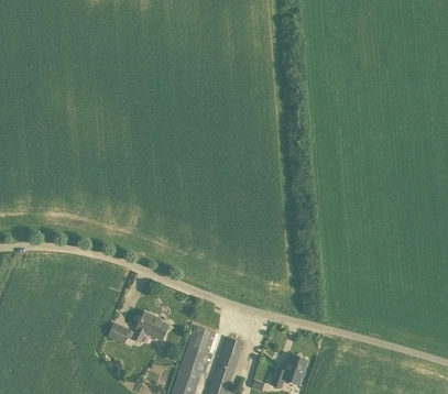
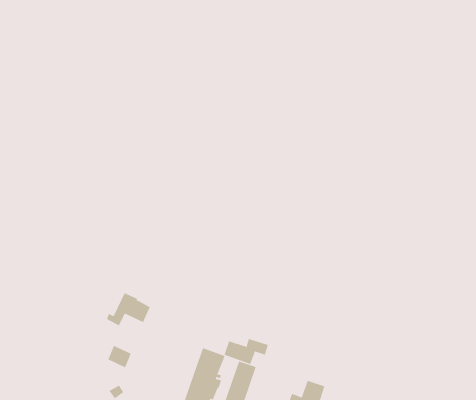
building: [128,311,168,342] -> [106,293,151,326]
building: none -> [224,338,269,365]

